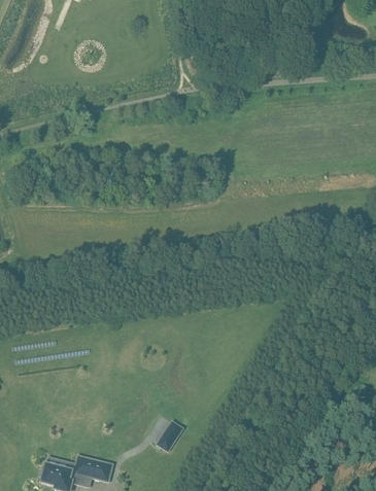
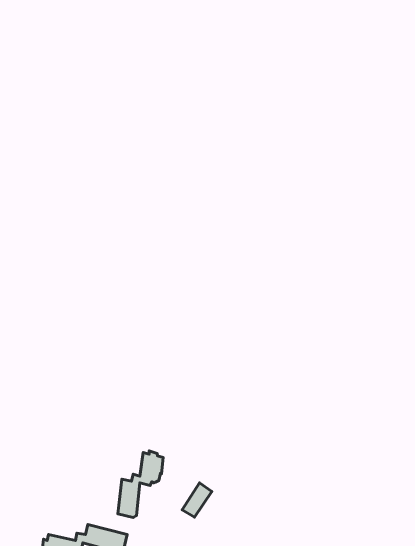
building: none -> [118,451,163,517]

